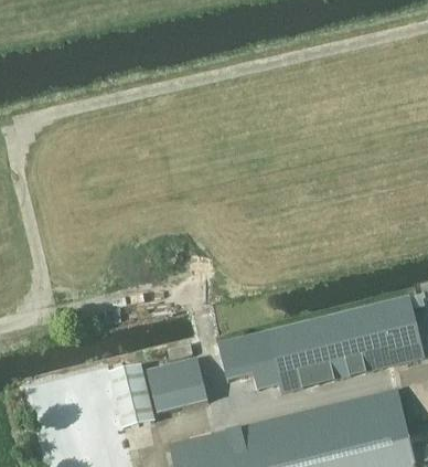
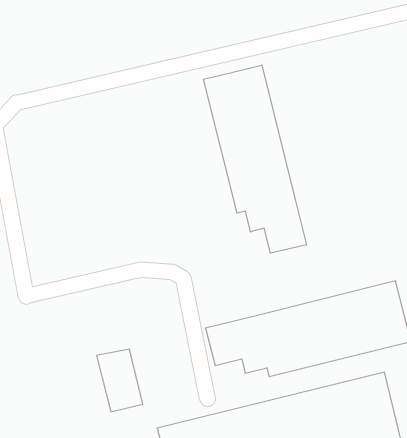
building: none -> [204,65,307,253]
building: [145,359,206,414] -> none

